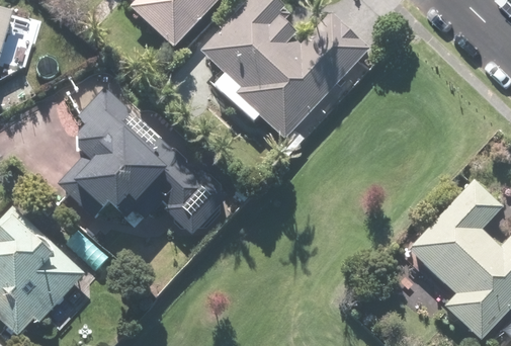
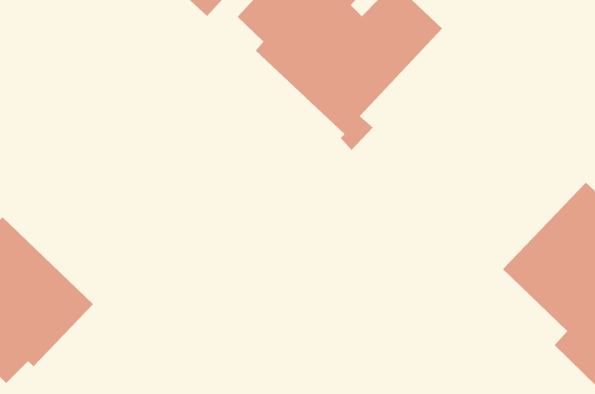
building: [68,87,230,247] -> none

